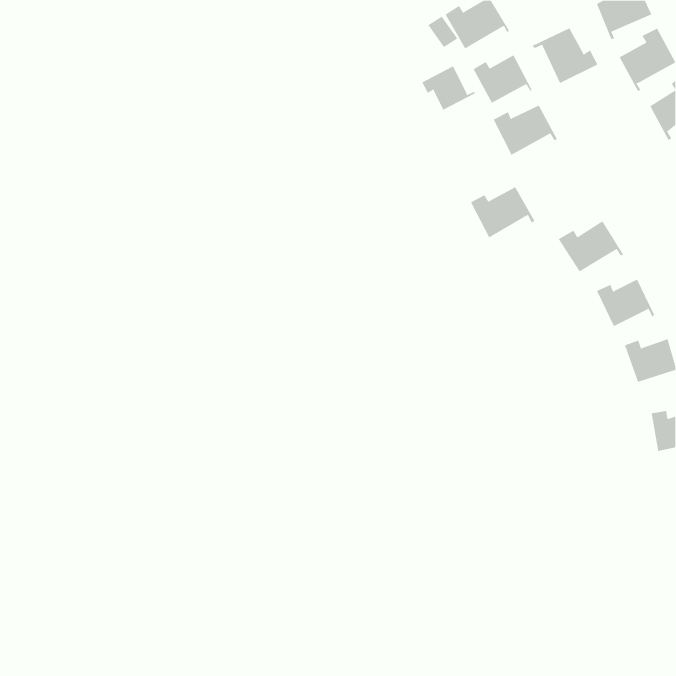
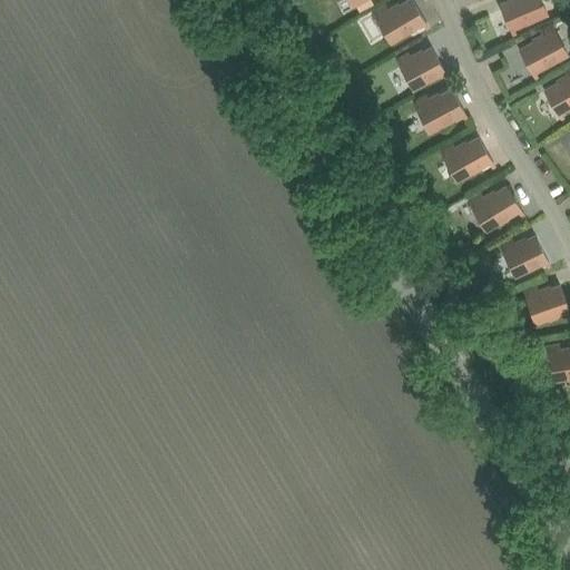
building: [532,27,598,84] -> none
building: [421,66,475,110] -> none
building: [470,186,535,238] -> [440,138,494,181]

